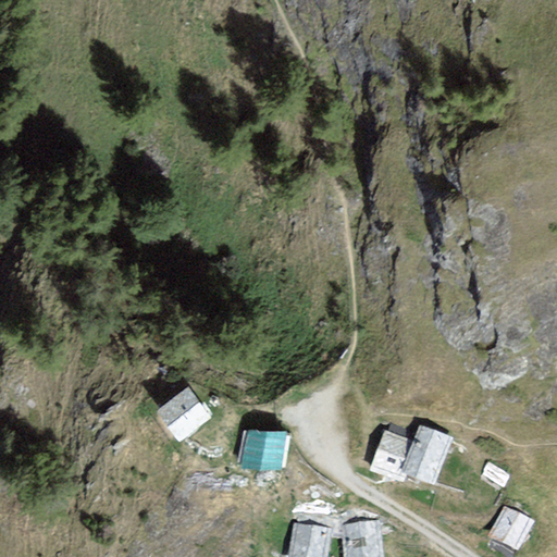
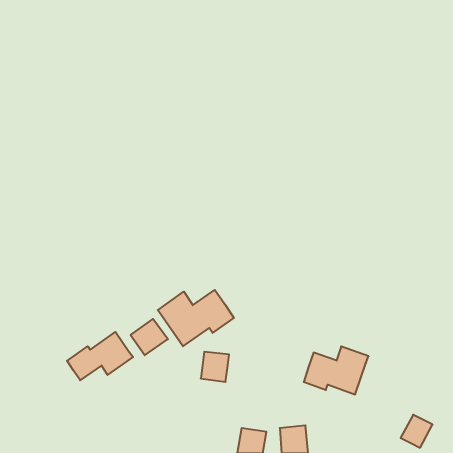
building: none -> [158,290,234,346]
building: none -> [67,332,133,380]

